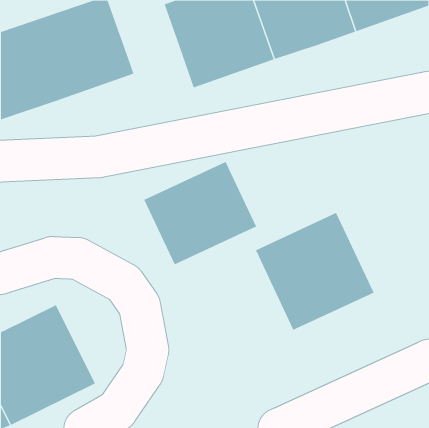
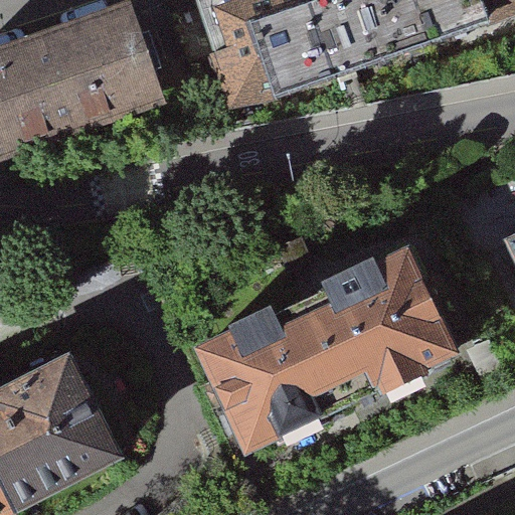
building: [143,161,257,265] -> none
building: none -> [207,301,351,444]

